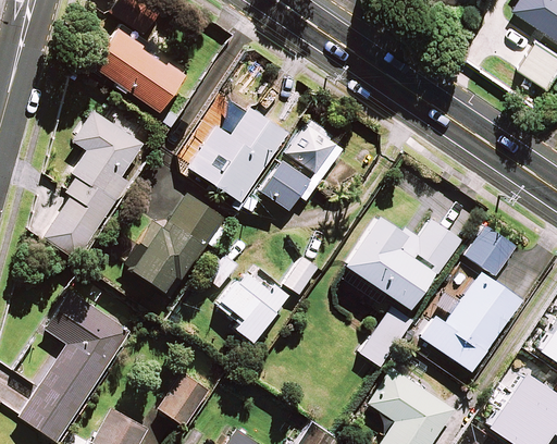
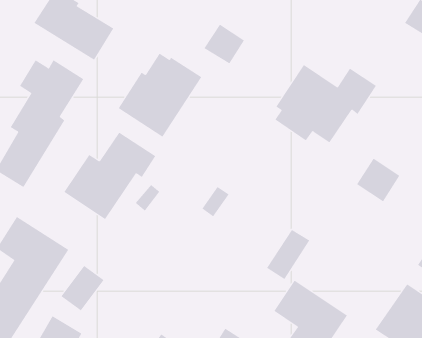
building: [286,127,334,174] -> [203,24,245,64]
building: [260,161,311,210] -> none
building: [343,215,461,307] -> [274,64,377,143]
building: [219,268,286,342] -> none
building: [419,272,519,370] -> none
building: [158,372,209,425] -> [60,265,105,311]

